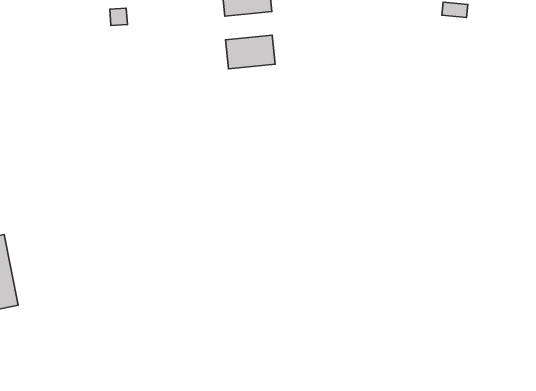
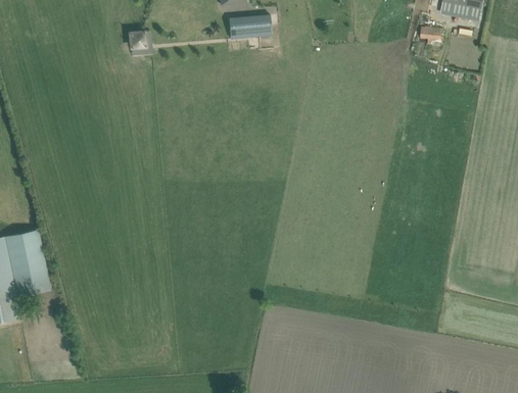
building: [226,35,275,69] -> none

